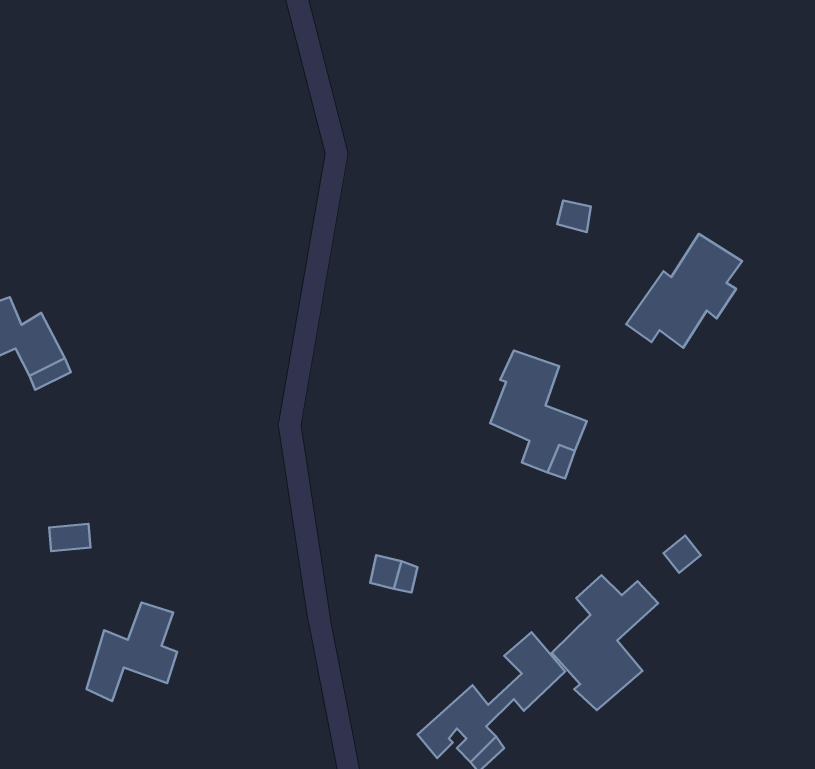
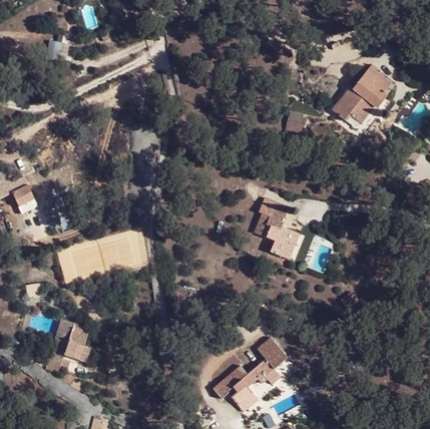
building: [626,234,742,348] -> [332,65,391,123]
building: [552,575,658,710] -> none

